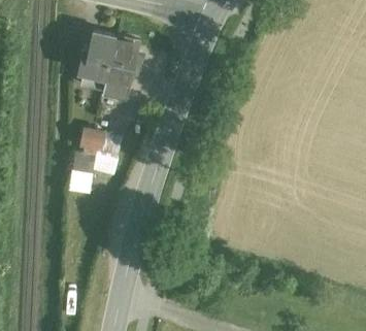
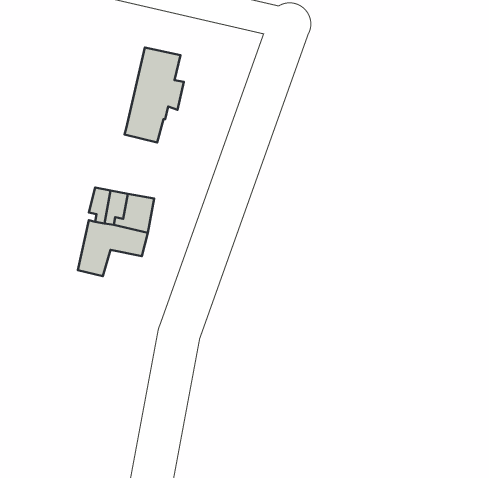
building: [77,29,117,89] -> none

